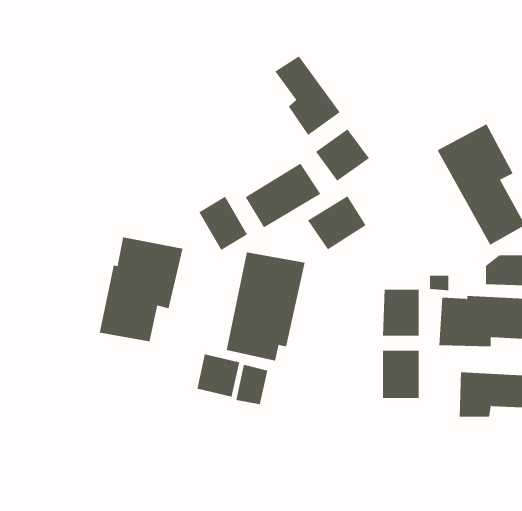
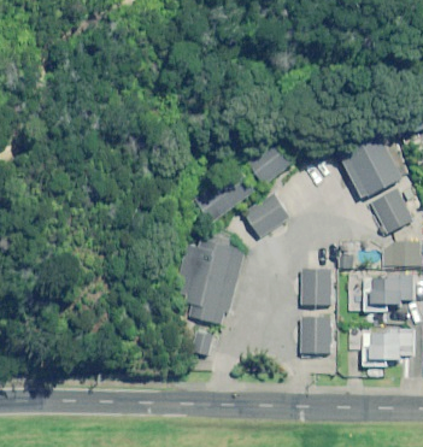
building: [274,56,340,136] -> none
building: [198,196,248,251] -> none
building: [99,236,183,342] -> none
building: [197,353,240,397] -> none

